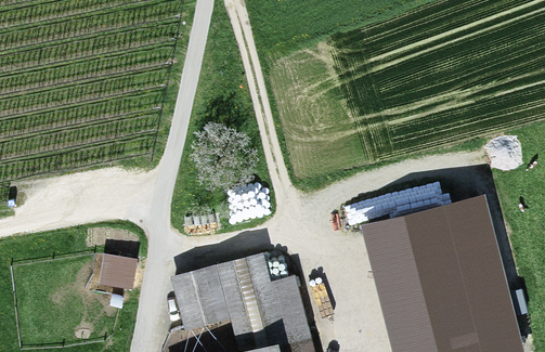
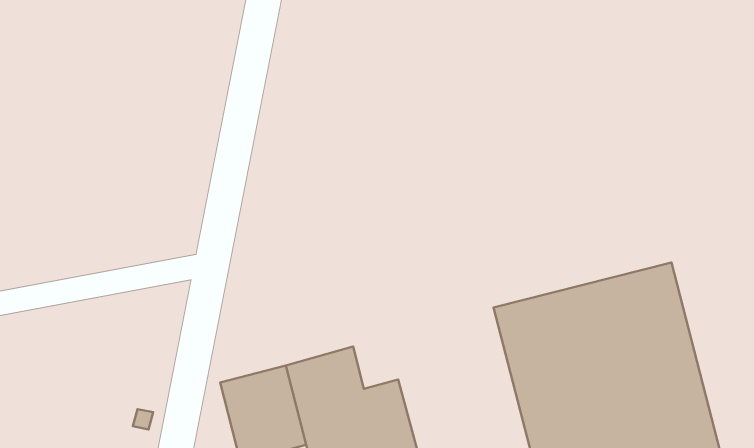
building: [99,258,137,290] -> none

